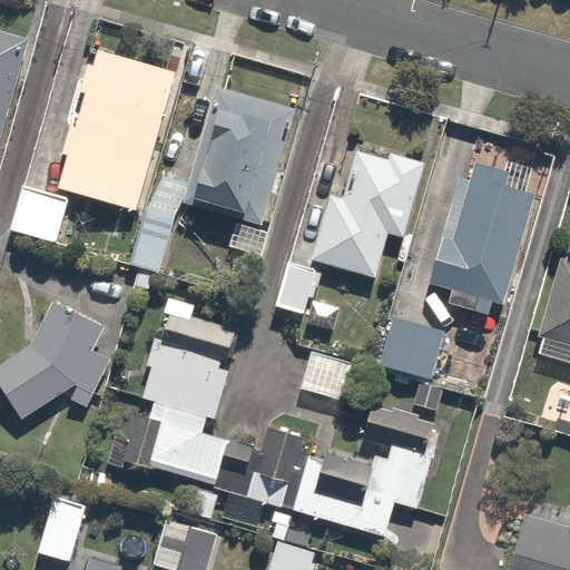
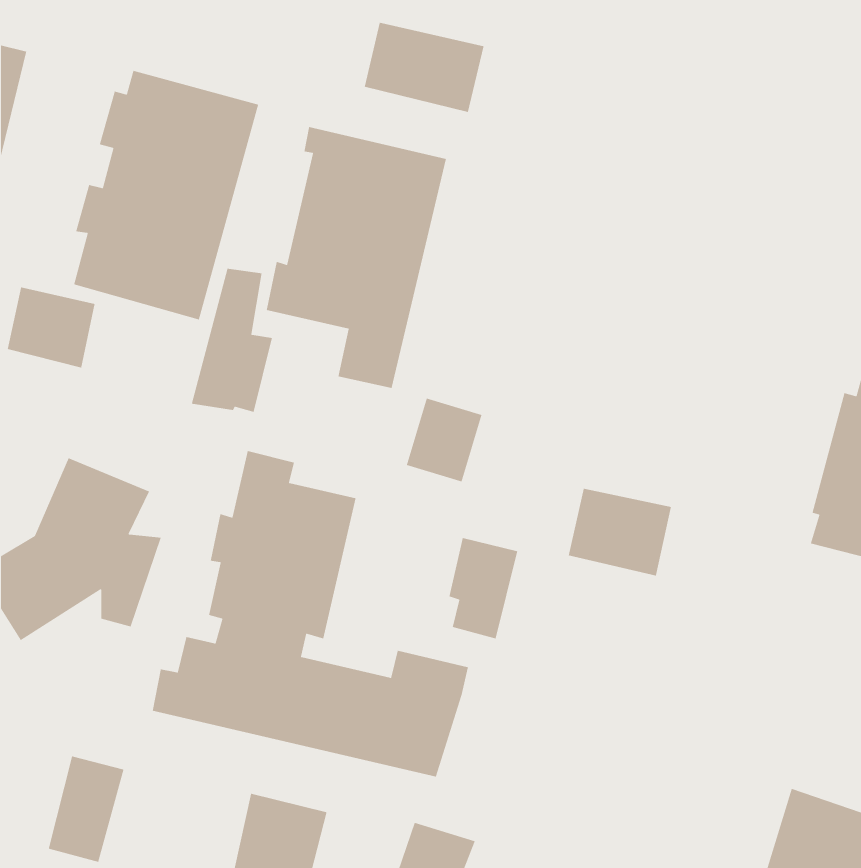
building: none -> [364,22,484,113]
building: [426,139,539,316] -> none
building: [308,141,429,282] -> none
building: [292,402,452,532] -> none

